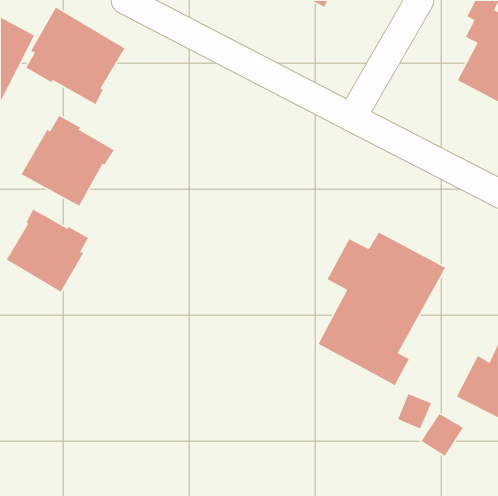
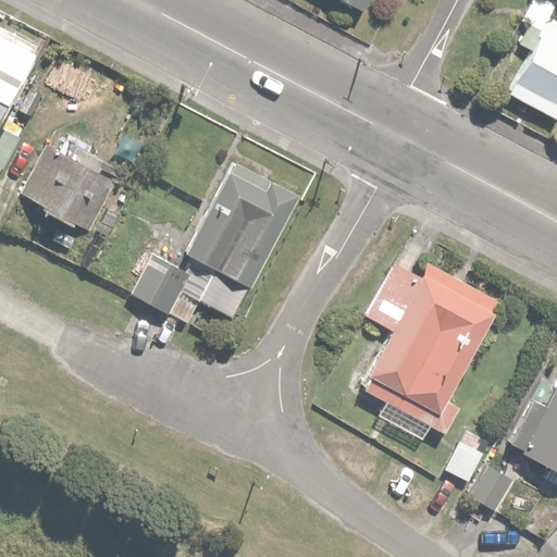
building: [25,7,125,105] -> none
building: none -> [127,164,301,326]
building: [6,208,89,293] -> none

